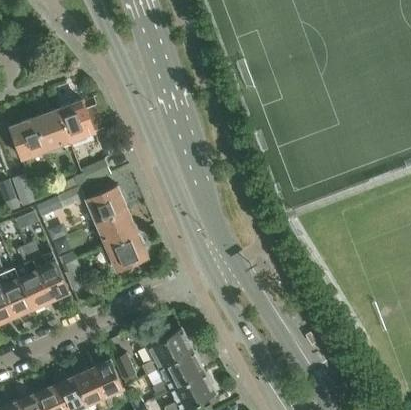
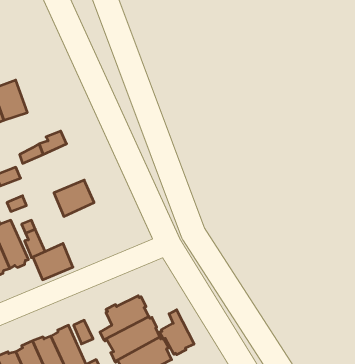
building: [56,99,93,141] -> none
building: [84,186,126,223] -> none
building: [105,233,146,270] -> [33,243,73,280]
building: none -> [160,310,194,355]

